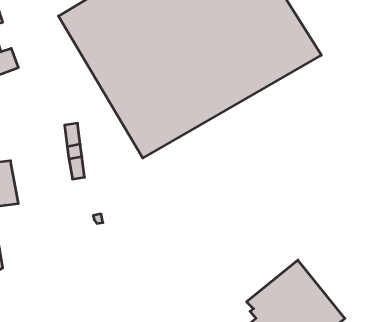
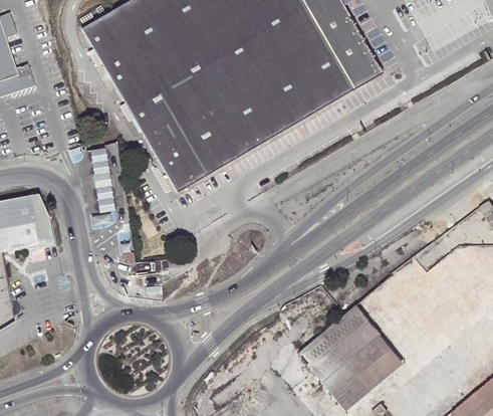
building: none -> [24,190,55,242]

